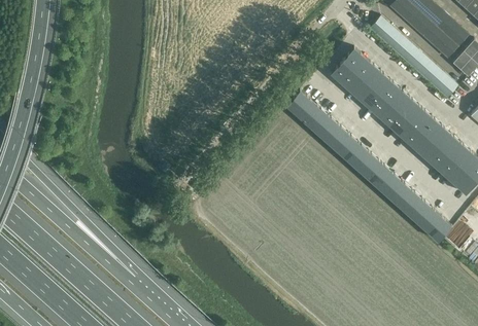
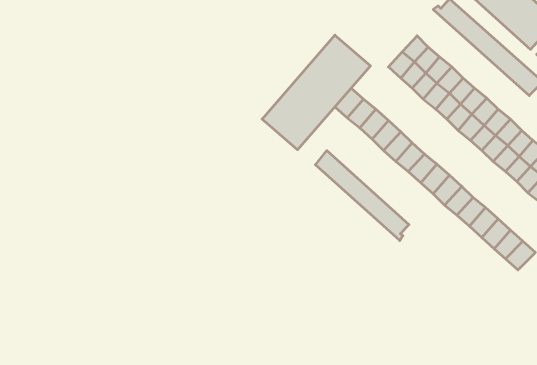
building: none -> [262,35,370,150]
building: none -> [315,151,409,241]

